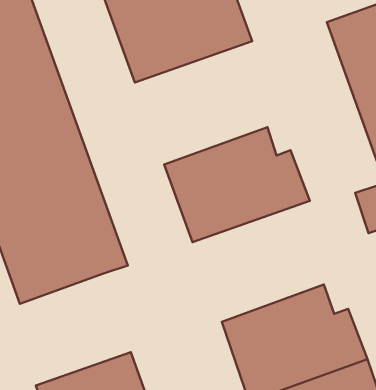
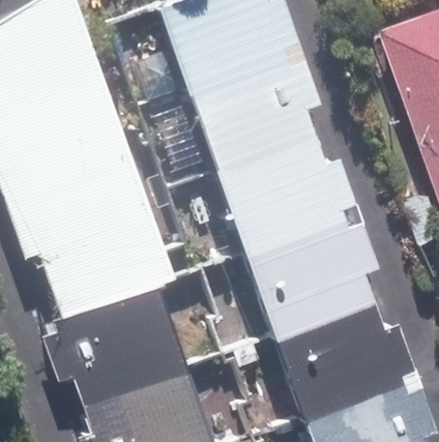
building: none -> [182,50,321,176]
building: none -> [241,213,381,337]
building: none -> [53,288,178,403]

